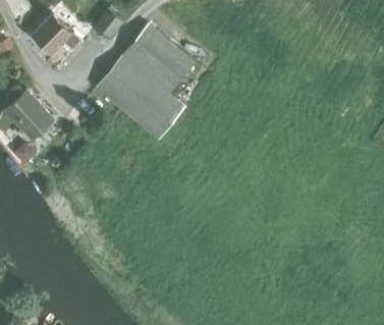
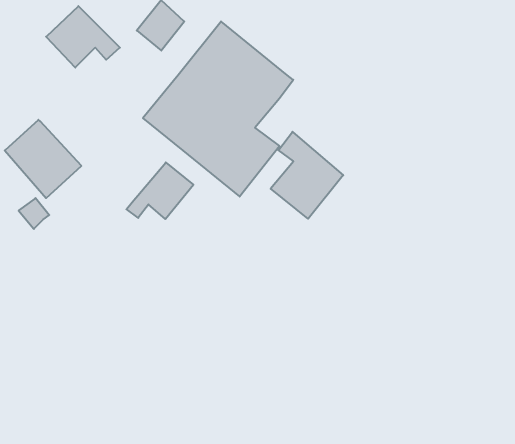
building: none -> [271,132,343,219]
building: none -> [126,162,193,219]

